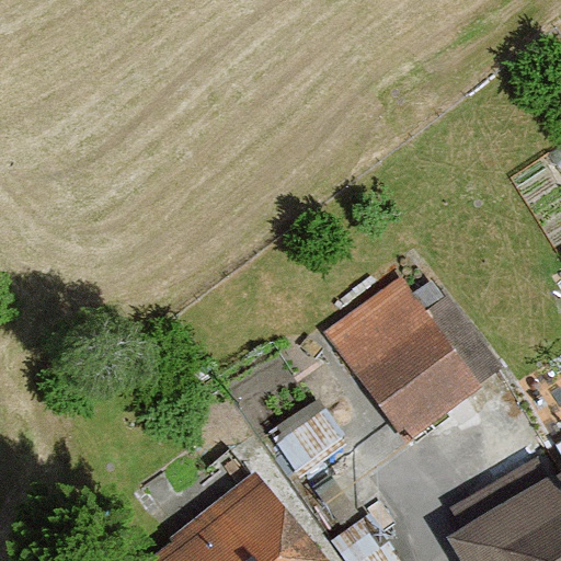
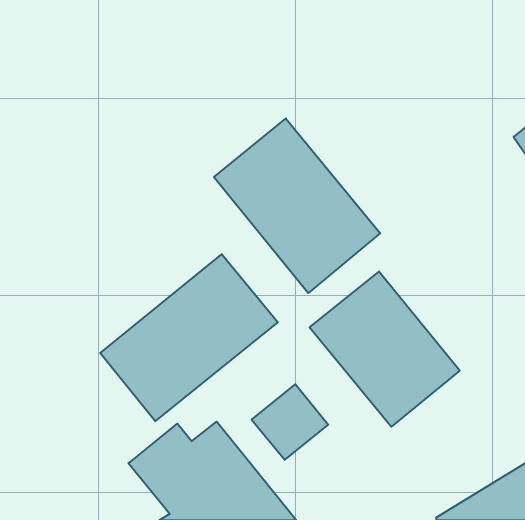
building: none -> [214,118,380,293]
building: none -> [100,254,278,421]

